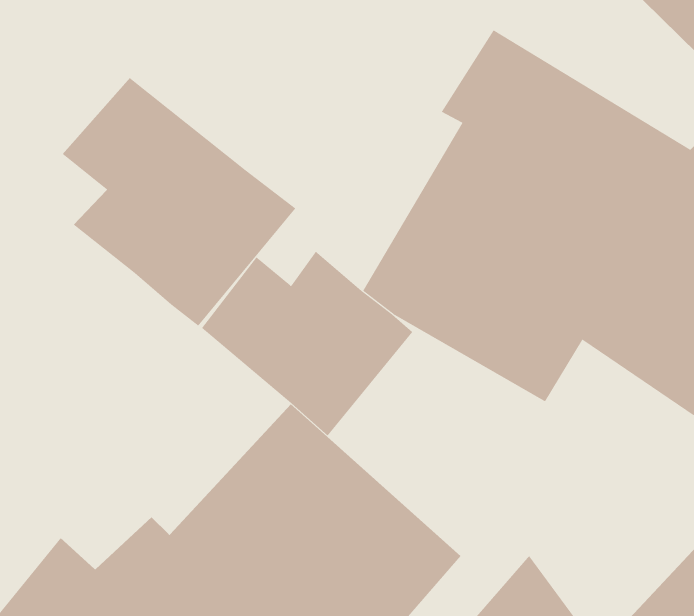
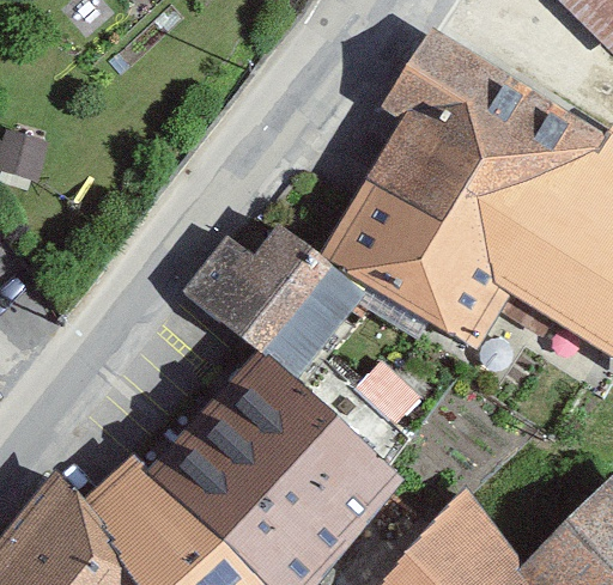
building: [62,77,296,326] -> none

